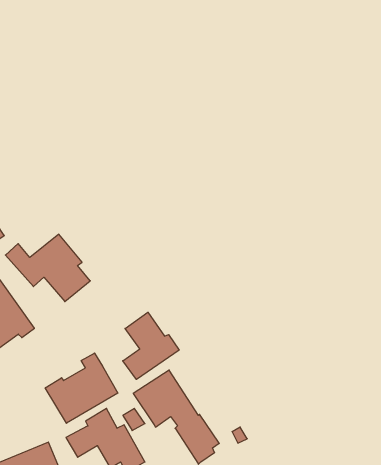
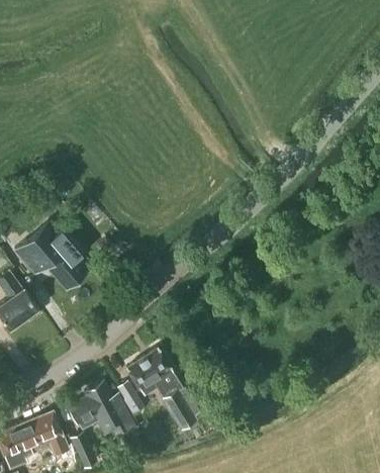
building: [123,312,179,379] -> none
building: [45,353,118,423] -> none

